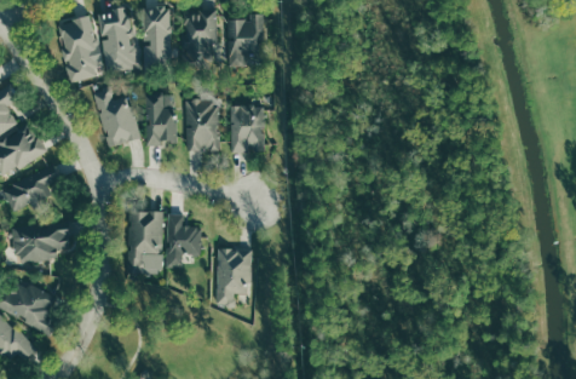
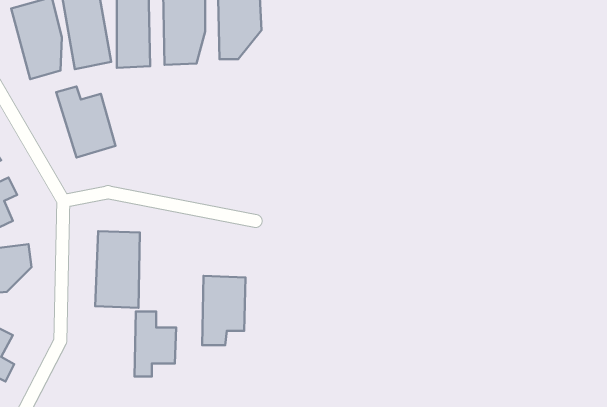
building: [145,94,177,147] -> none
building: [185,101,220,153] -> none
building: [231,107,265,154] -> none
building: [167,213,202,268] -> [134,312,176,377]

